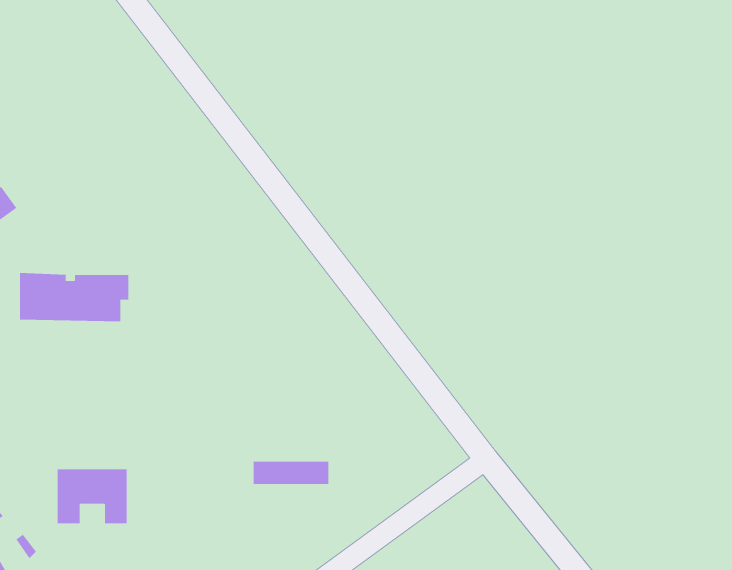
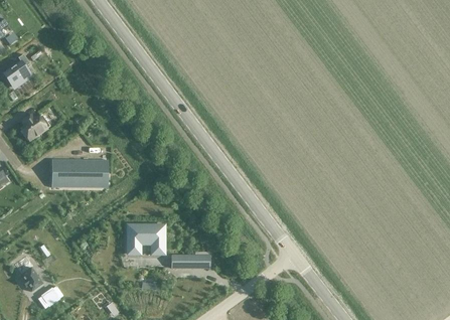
building: [57,469,128,524] -> [127,225,163,254]

